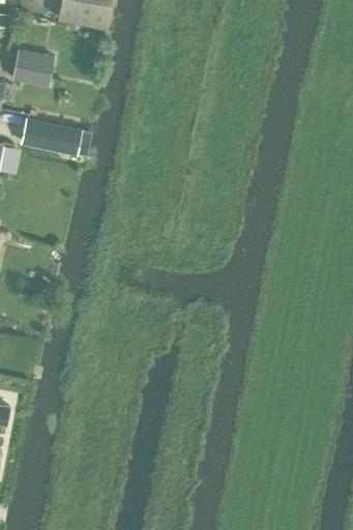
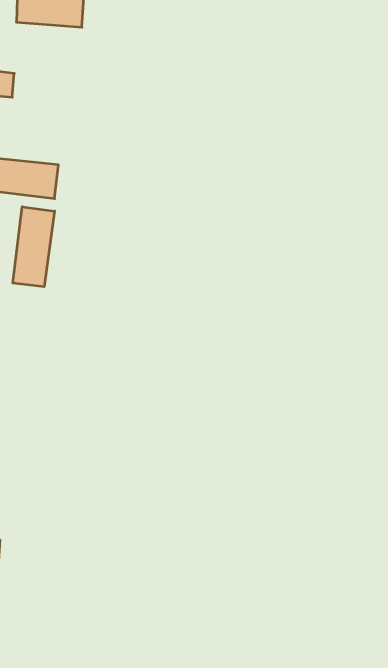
building: none -> [13,207,55,287]

